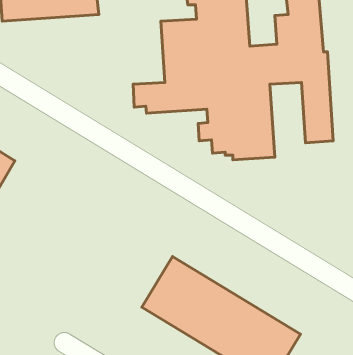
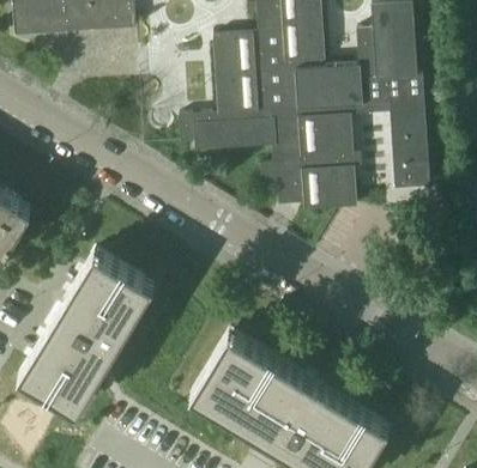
building: none -> [19,248,155,409]

